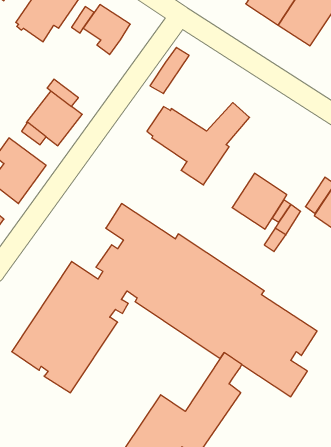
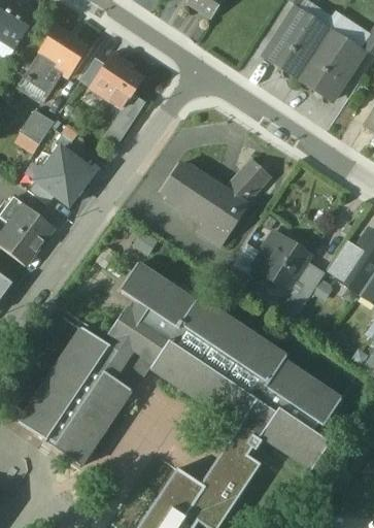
building: [150,47,189,94] -> [105,93,146,141]
building: none -> [19,108,54,145]

